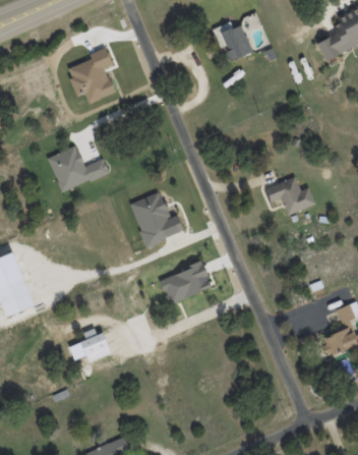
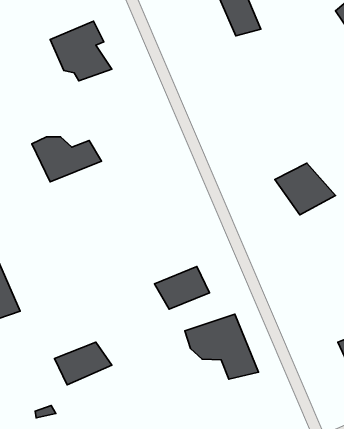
building: [127,193,184,245] -> none
building: none -> [185,314,258,379]

